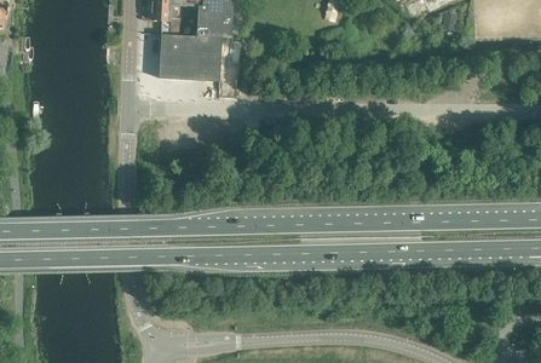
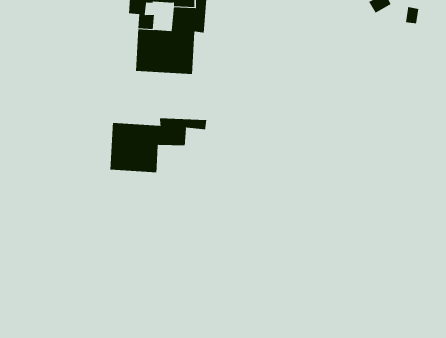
building: none -> [110,117,207,173]

